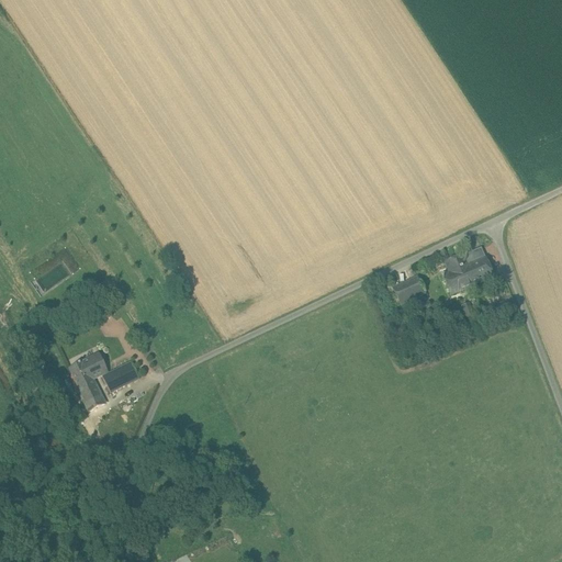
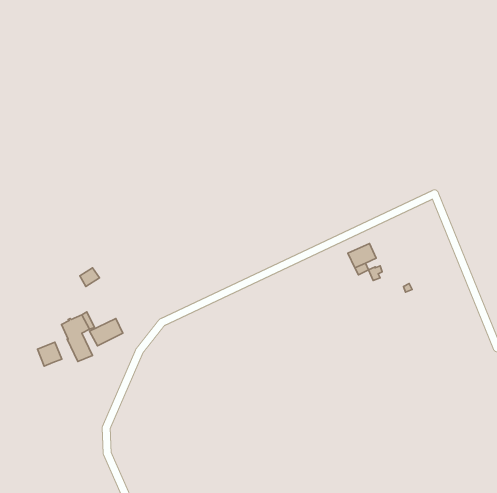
building: [440,251,493,292] -> none
building: none -> [37,342,62,366]

